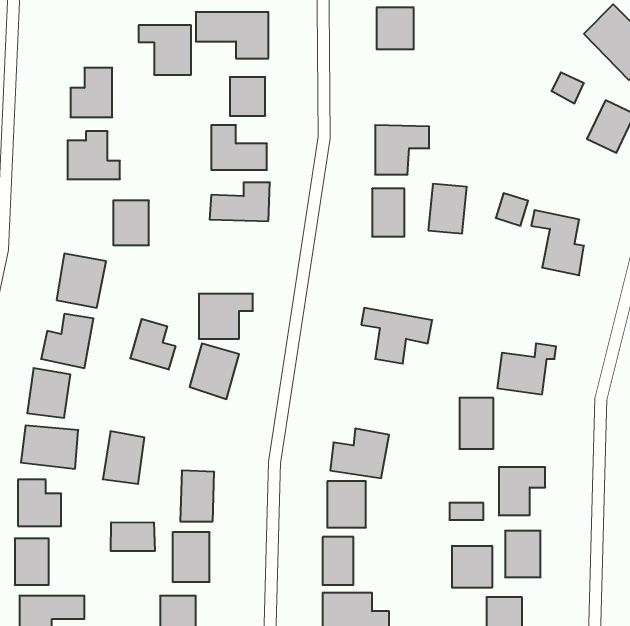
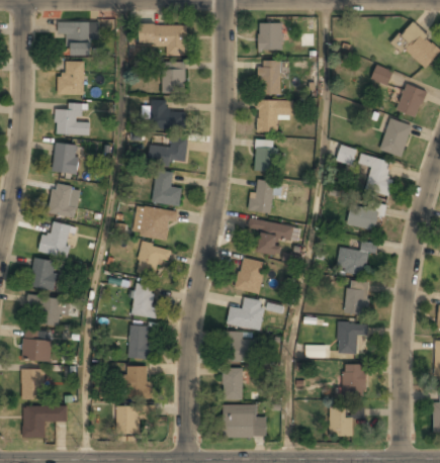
building: [139,25,191,75] -> [58,22,92,55]
building: none -> [258,60,280,94]
building: none -> [380,118,412,158]
building: [428,184,467,233] -> [250,180,275,212]
building: [113,200,149,245] -> [55,144,78,173]
building: none -> [153,170,182,205]
building: none -> [347,203,381,230]
building: [130,319,175,370] -> none
building: none -> [235,257,267,294]
building: [459,398,493,449] -> [346,281,368,314]
building: [103,431,144,484] -> [130,283,158,317]
building: [111,522,155,551] -> none
building: [452,546,492,588] -> none

